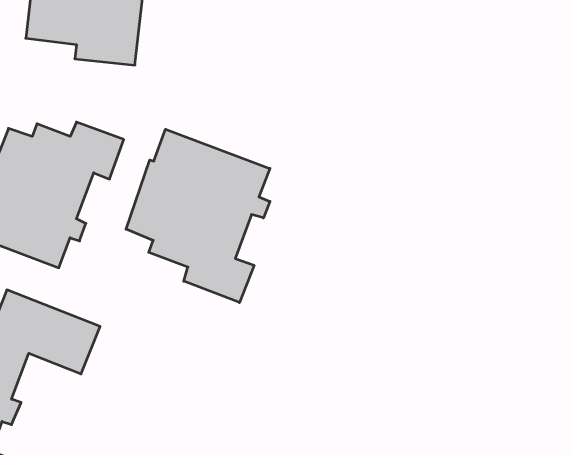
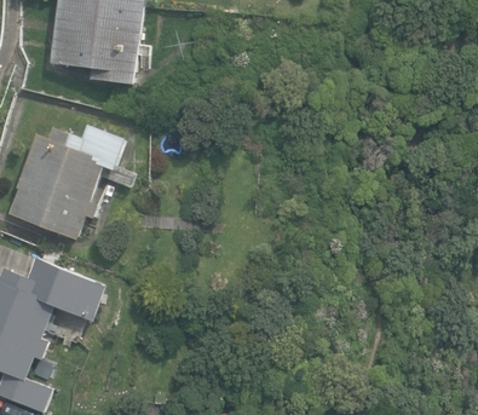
building: [126,129,270,303] -> none

